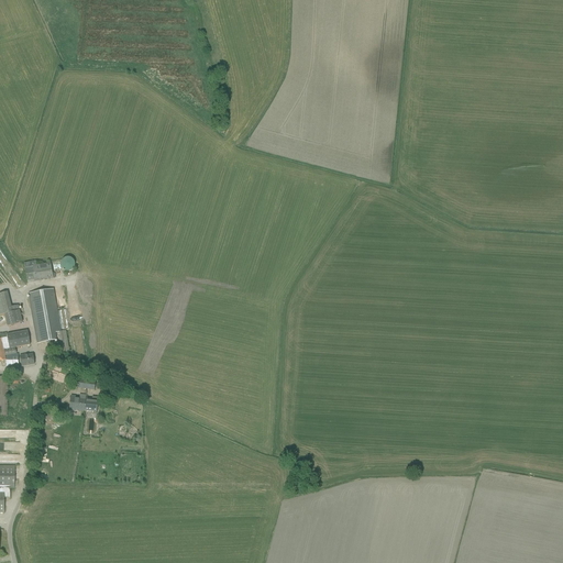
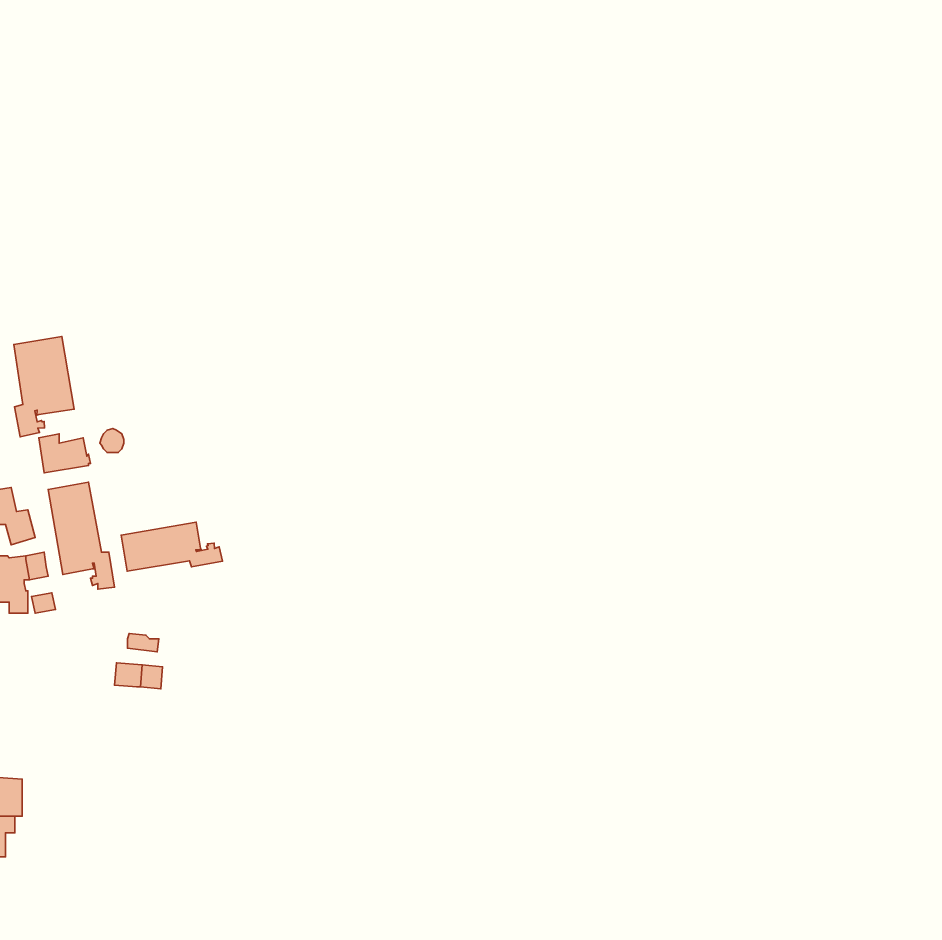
building: none -> [14,337,74,437]
building: none -> [121,522,222,571]

